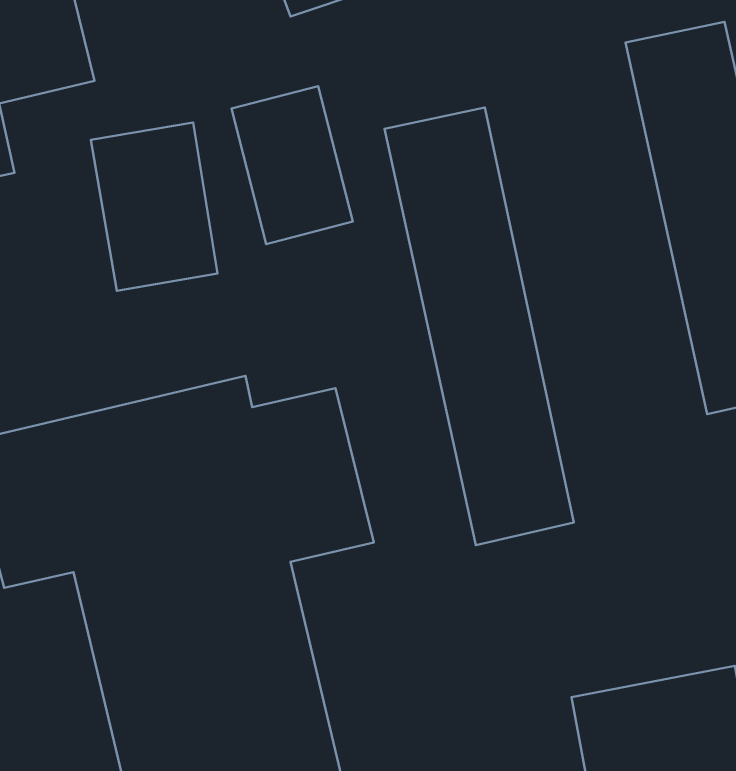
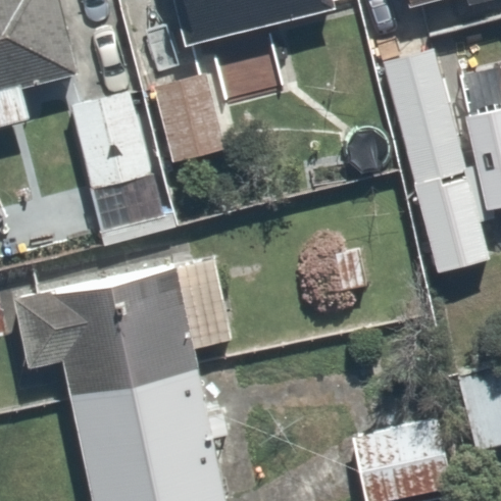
building: [385,107,574,545] -> none

